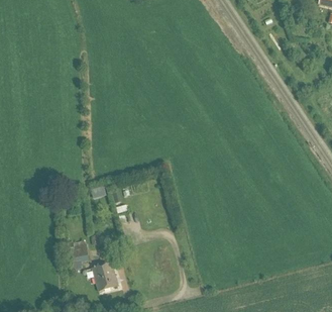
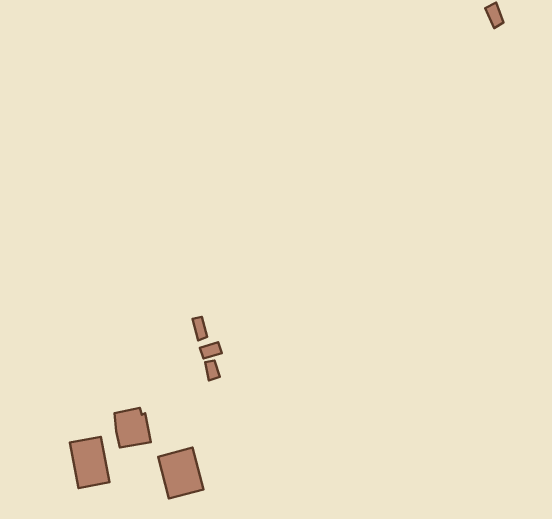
building: none -> [70,437,109,488]

